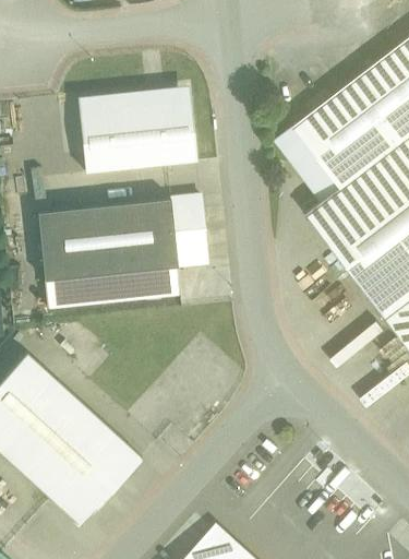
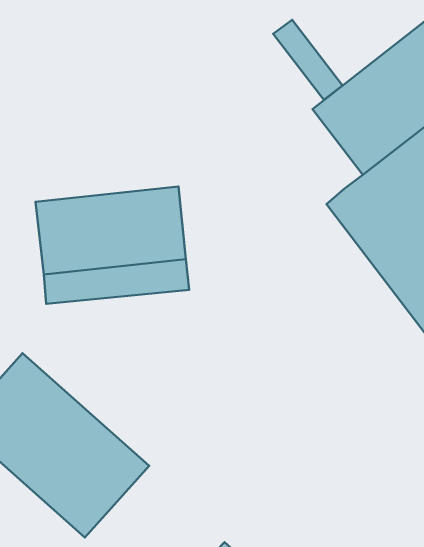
building: [79,90,200,179] -> none
building: [277,126,341,200] -> [273,20,342,100]
building: [170,194,207,265] -> none

